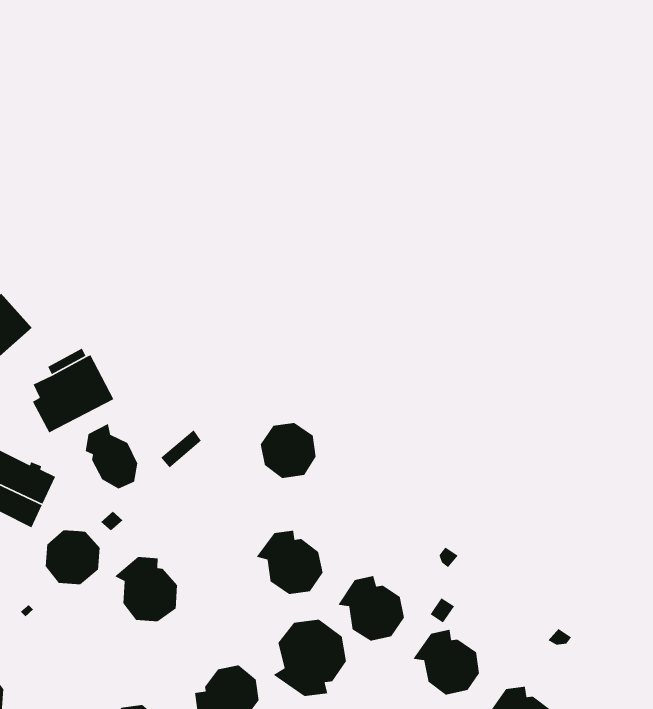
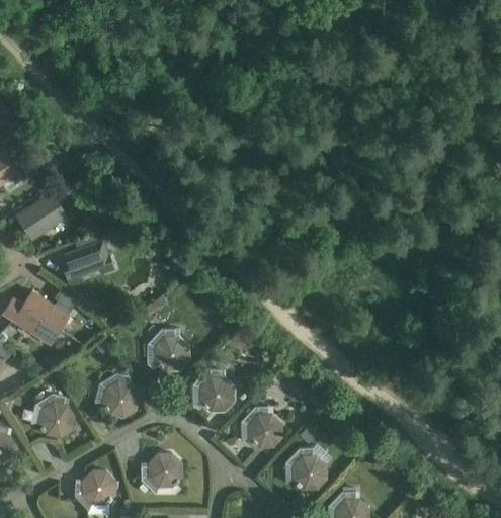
building: [260,422,316,479] -> [153,335,188,370]
building: [85,423,138,489] -> none
building: [45,529,100,585] -> [37,400,75,437]
building: [272,619,347,697] -> none

